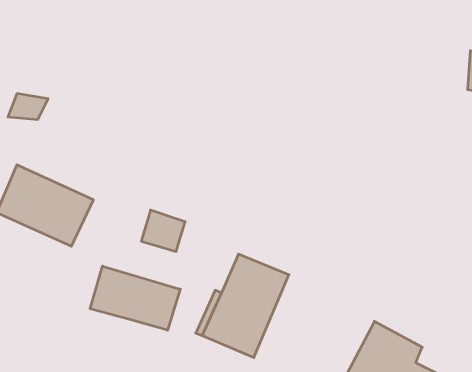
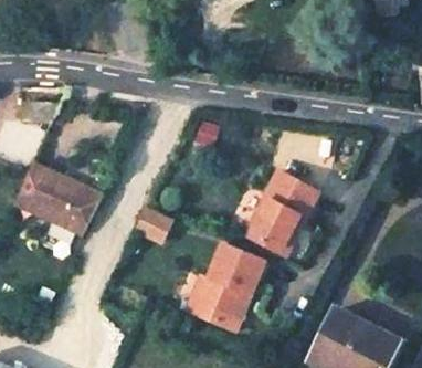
building: none -> [242,171,317,256]
building: [90,266,180,330] -> none

